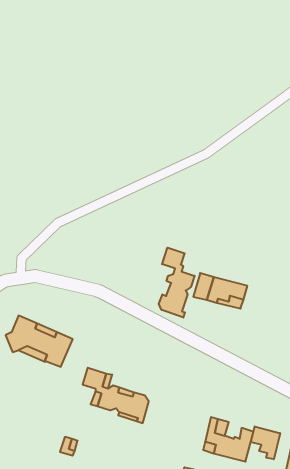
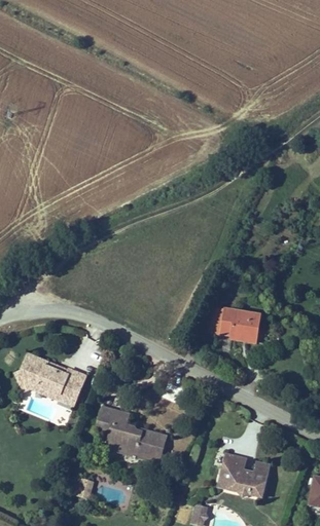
building: [159,248,195,318] -> none
building: [251,426,280,459] -> none

